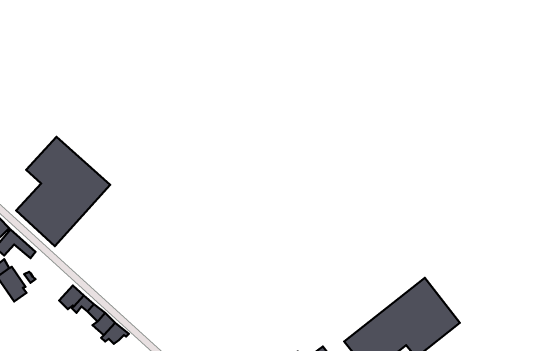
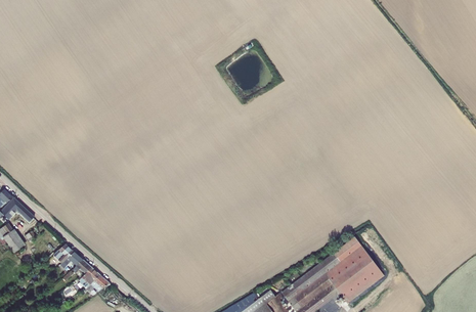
building: [16,137,110,246] -> none

